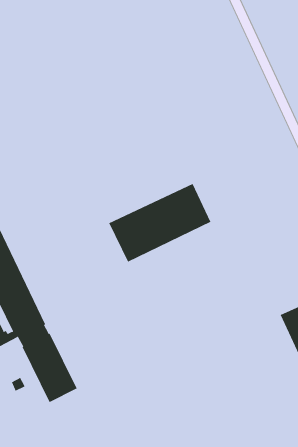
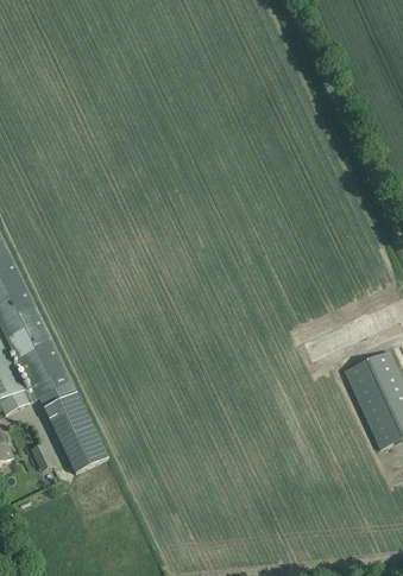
building: [109,183,211,263] -> none

